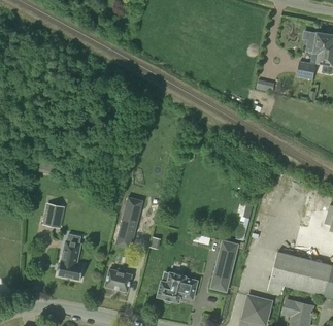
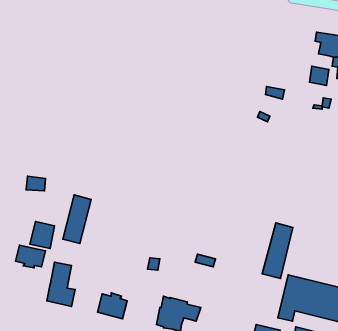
building: [116,197,142,241] -> [63,195,91,244]
building: none -> [15,245,45,268]
building: [210,241,238,292] -> [262,223,293,278]

